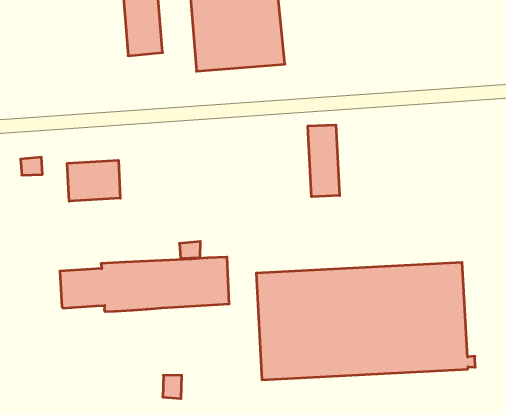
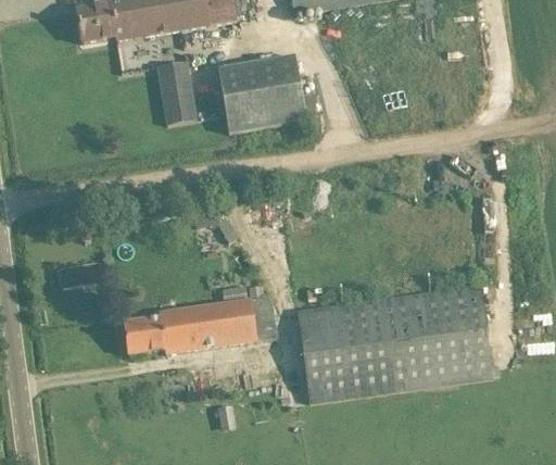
building: [308,125,340,197] -> none
building: [67,160,120,201] -> none

